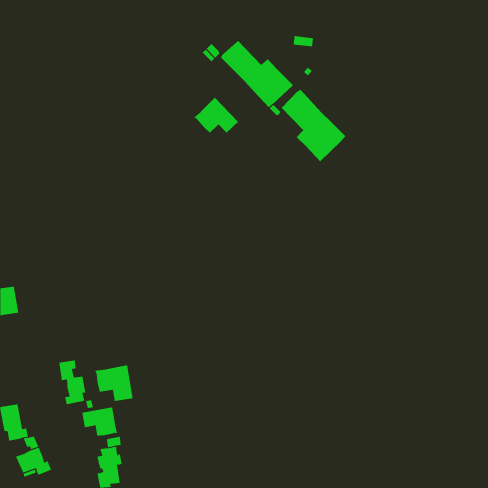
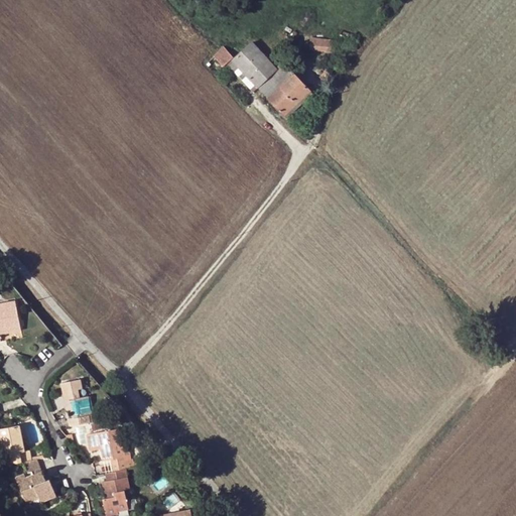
building: [281,89,346,162] -> none
building: [193,97,239,134] -> none
building: [95,365,133,402] -> none

